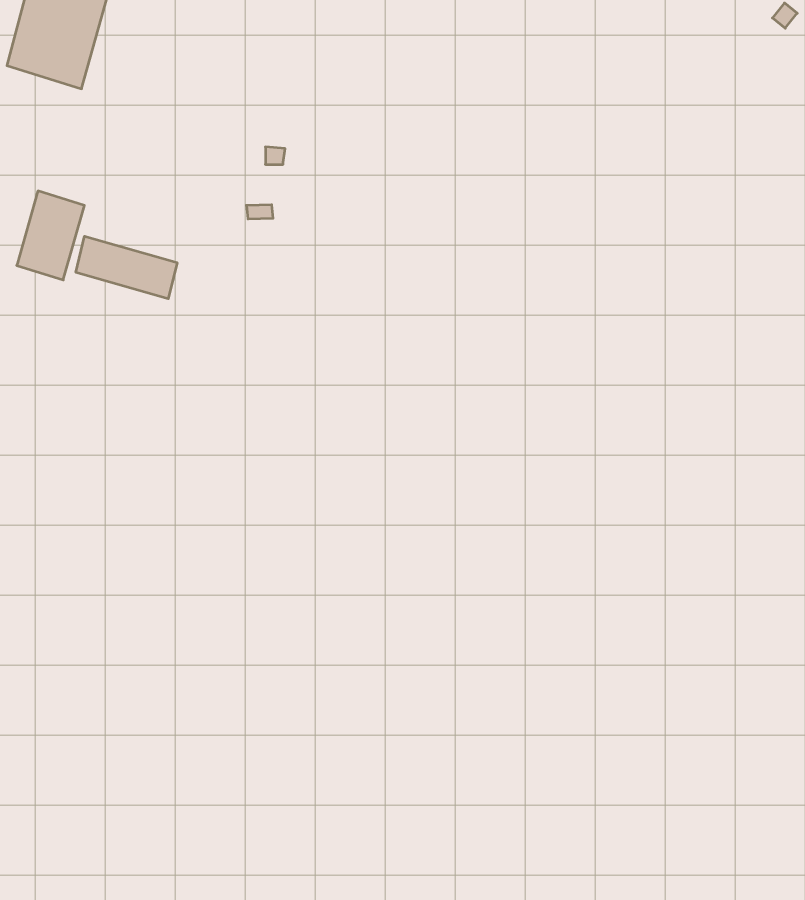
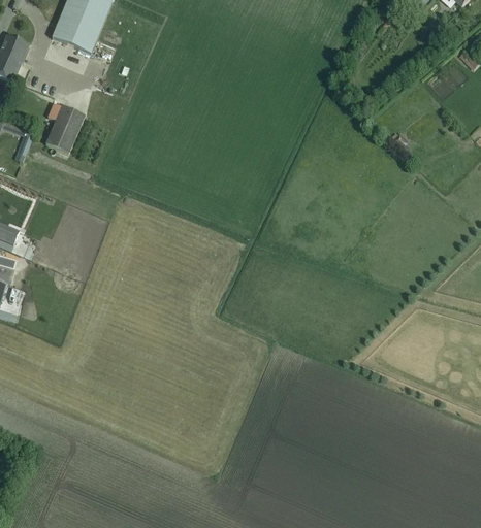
building: [76,236,177,299] -> none

